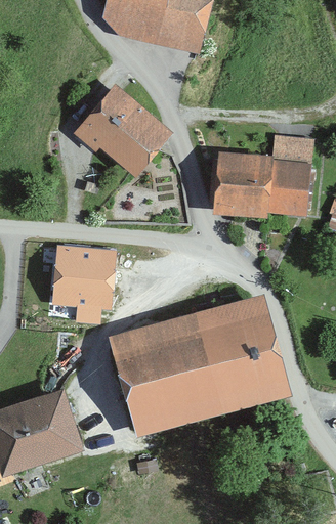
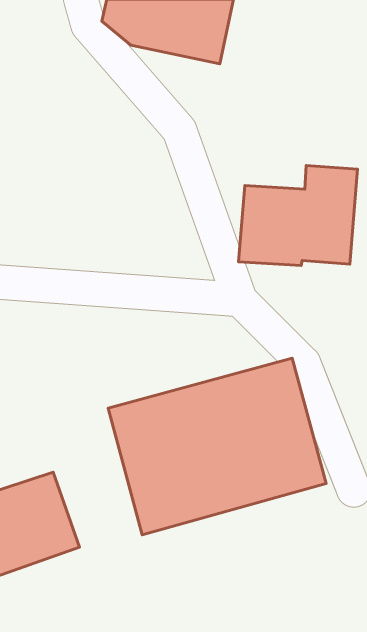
building: [71,85,170,176] -> none
building: [50,247,116,324] -> none

